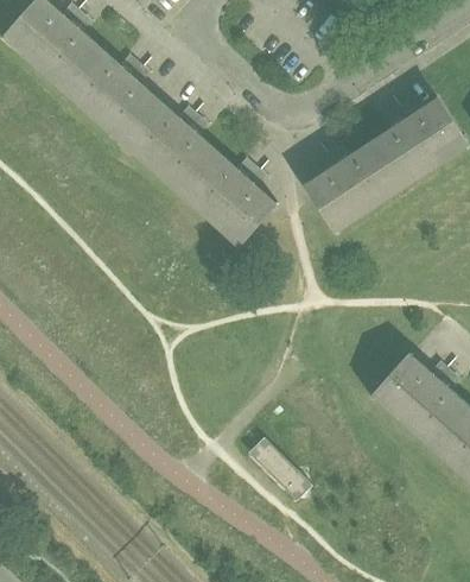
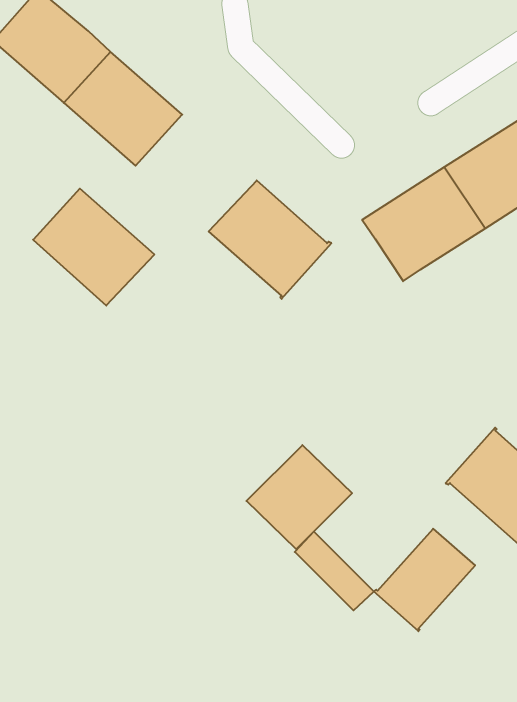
building: [118,95,216,190] -> [33,189,154,306]
building: none -> [246,445,352,549]
building: none -> [374,529,475,631]

